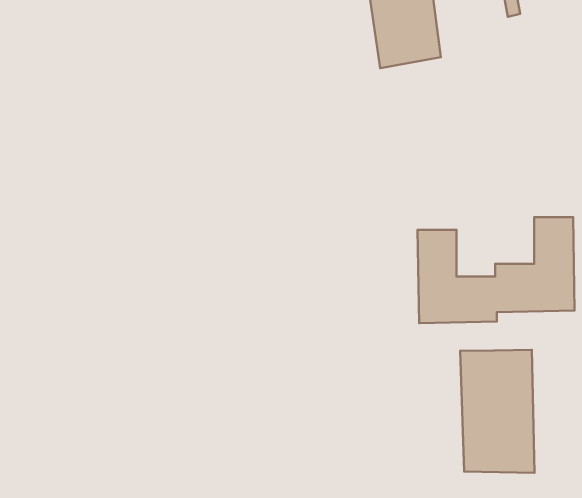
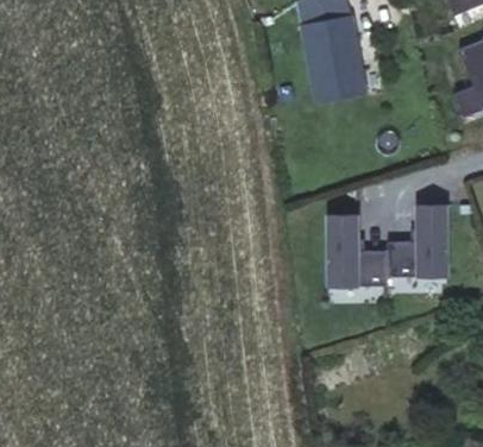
building: [460,350,534,473] -> none

